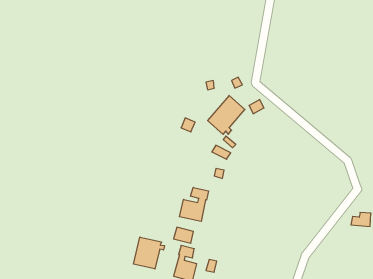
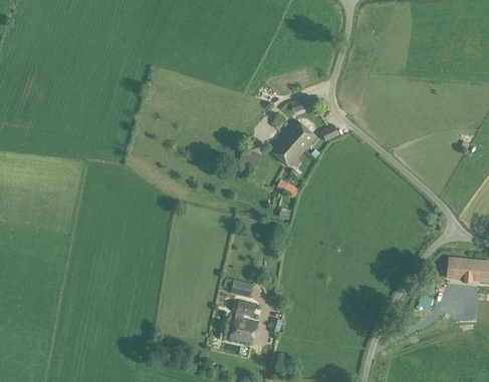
building: [179,187,208,221] -> none
building: [134,237,165,269] -> none

